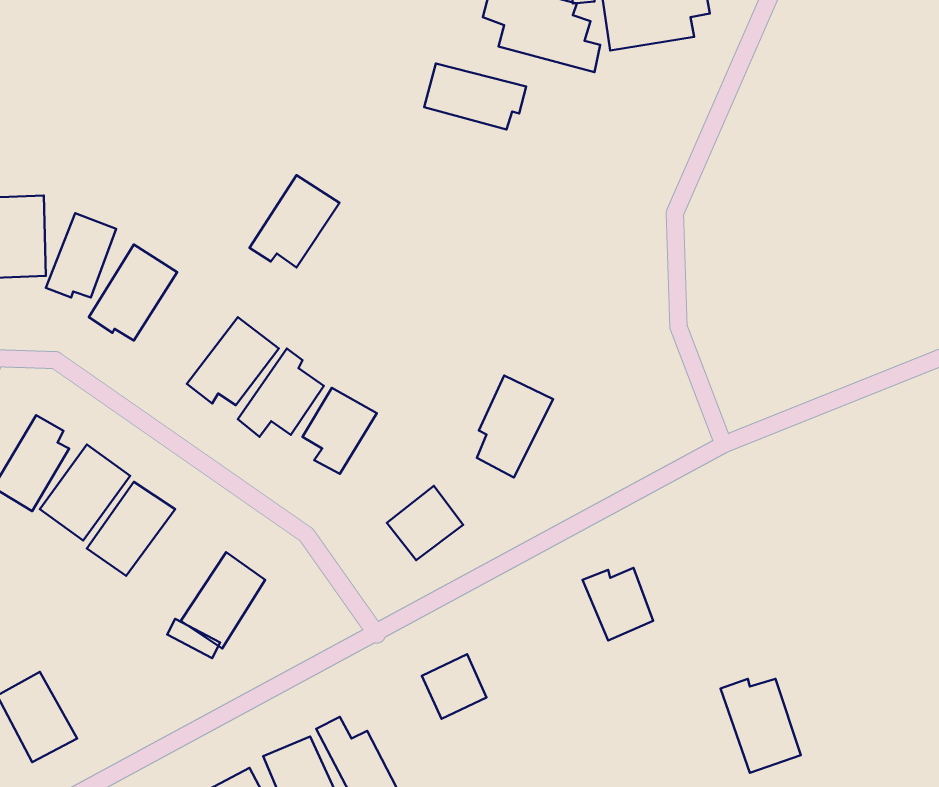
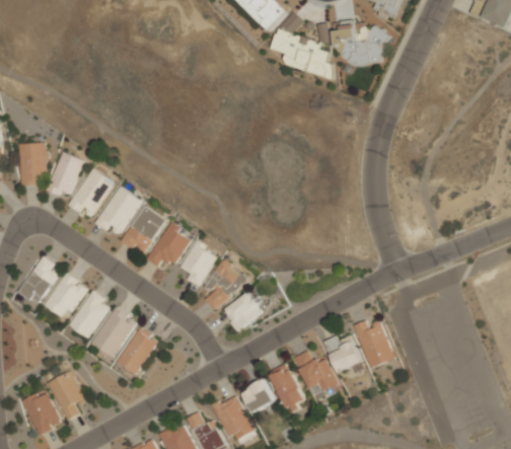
building: [424,63,526,130] -> none
building: [249,175,340,267] -> [93,185,140,233]
building: [477,376,553,478] -> [204,259,243,312]
building: none -> [90,305,138,358]
building: none -> [293,350,340,400]
building: none -> [269,362,304,414]
building: none -> [46,371,84,420]
building: [721,679,801,773] -> [353,319,394,368]
building: none -> [210,395,252,440]

